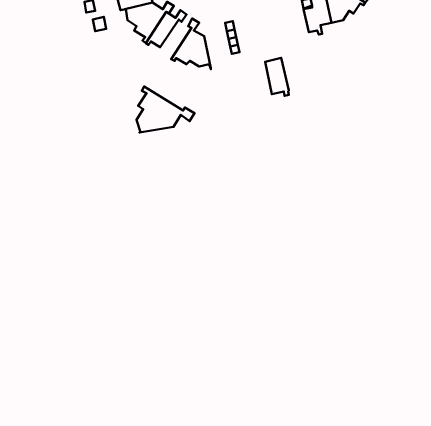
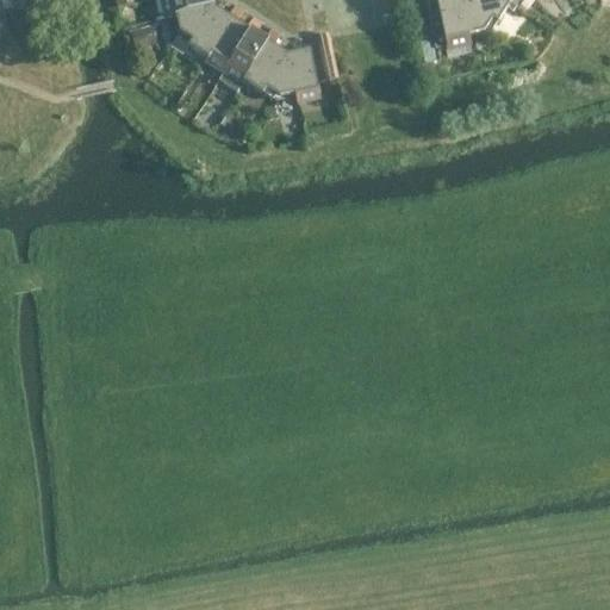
building: none -> [226,27,270,83]
building: [265,58,289,96] -> [288,45,322,99]
building: [136,87,195,133] -> none

